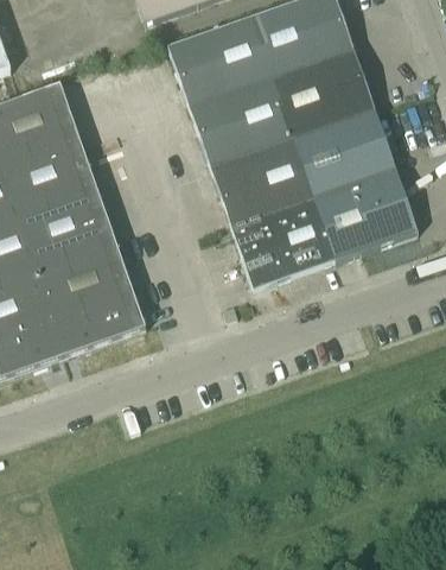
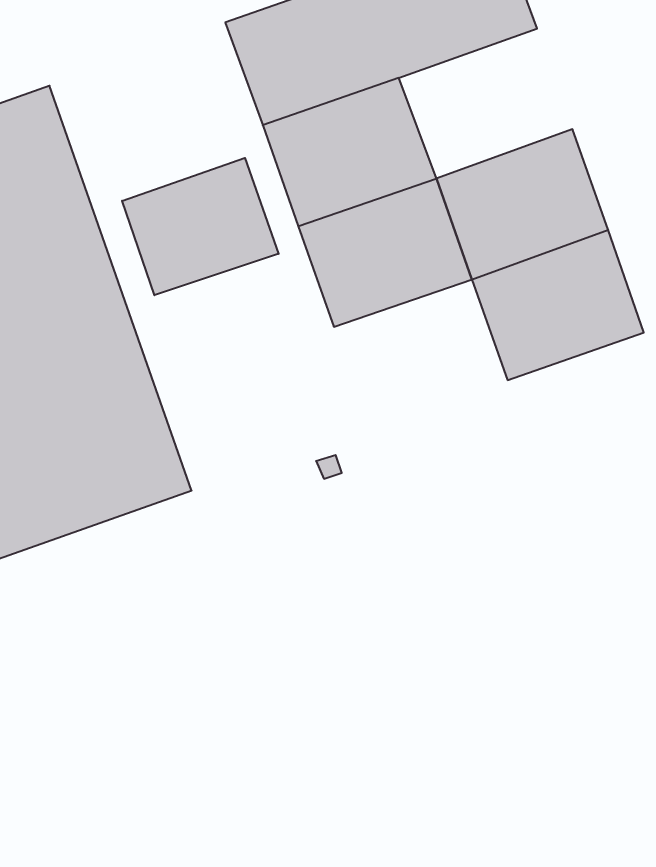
building: [270,48,375,138] -> none
building: none -> [122,158,279,295]
building: [231,198,336,289] -> none

